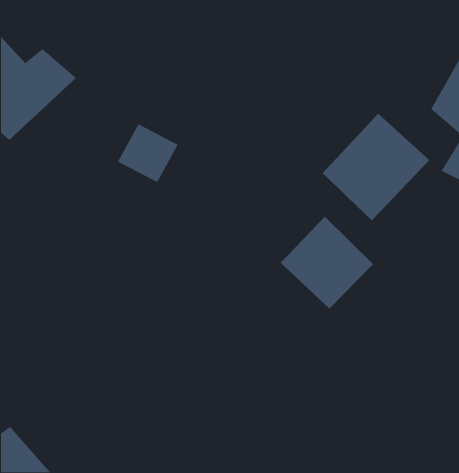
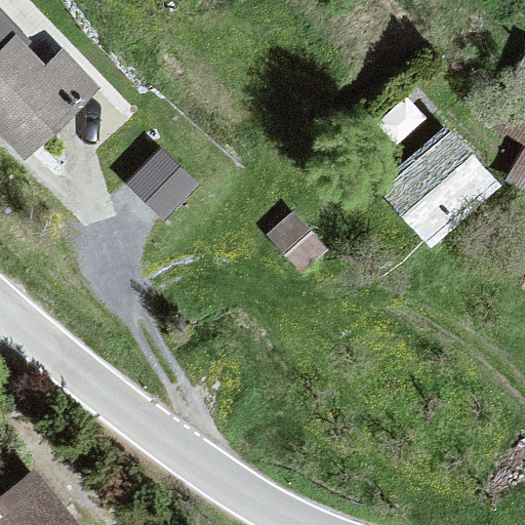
building: [280,216,374,310] -> none

